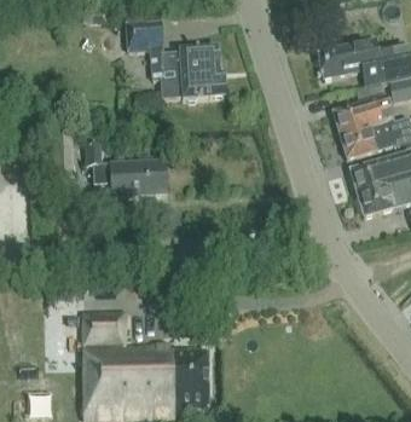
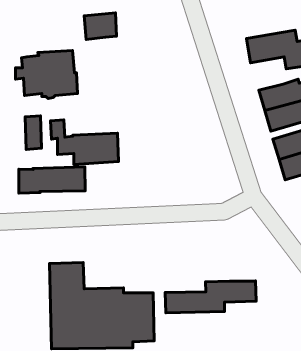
building: [151,44,225,100] -> [16,51,77,98]
building: none -> [19,167,85,193]
building: none -> [165,281,256,313]

